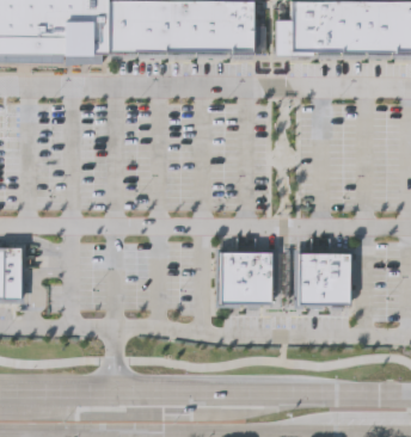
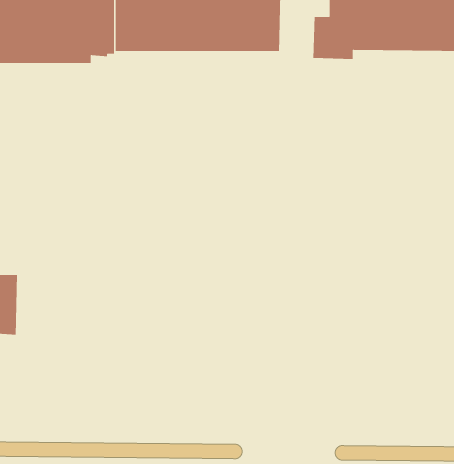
building: [219,252,270,303] -> none
building: [297,252,349,303] -> none

